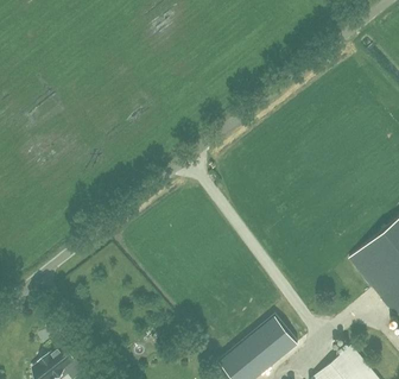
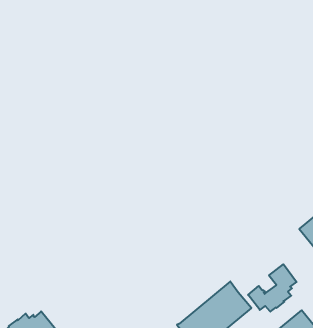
building: none -> [248,264,297,312]

